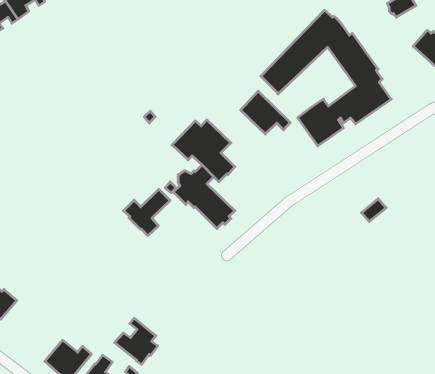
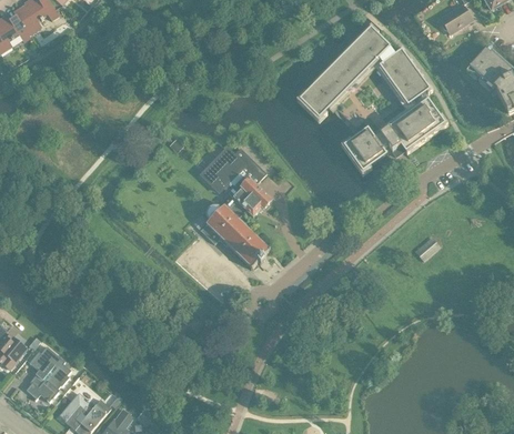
building: [241,91,290,134] -> none
building: [123,189,170,236] -> none
building: none -> [26,346,71,401]
building: [115,318,158,364] -> none

